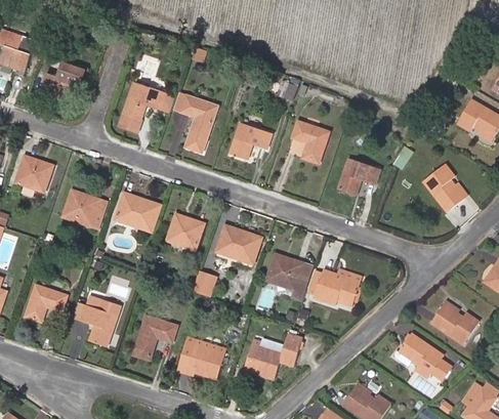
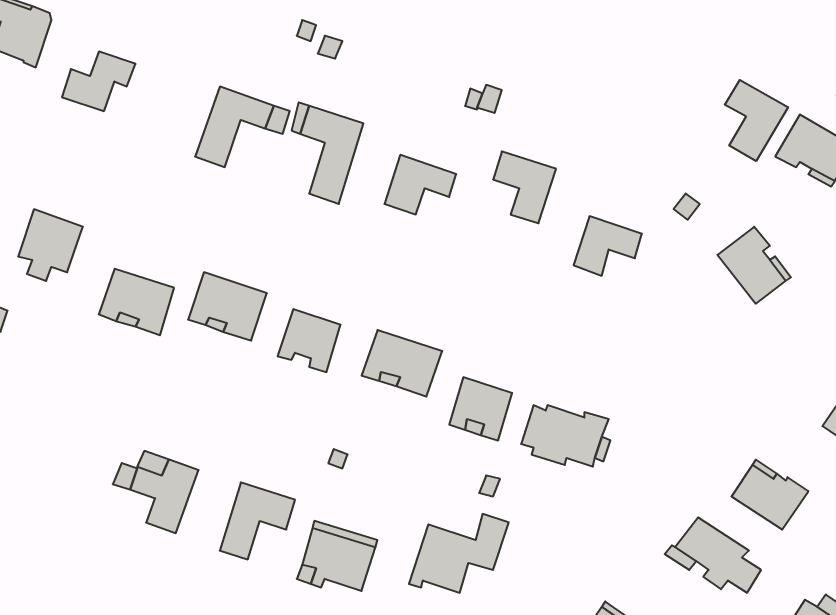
building: none -> [725,80,788,161]
building: [195,271,218,297] -> none
building: [24,284,67,322] -> none

